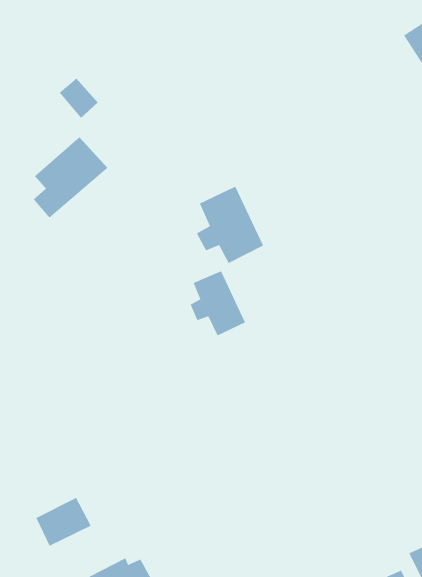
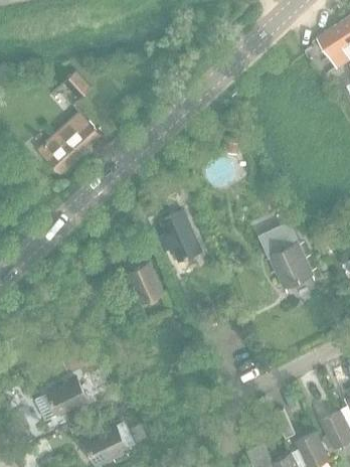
building: [196,186,264,264] -> none
building: none -> [259,222,310,285]
building: none -> [127,262,162,303]

